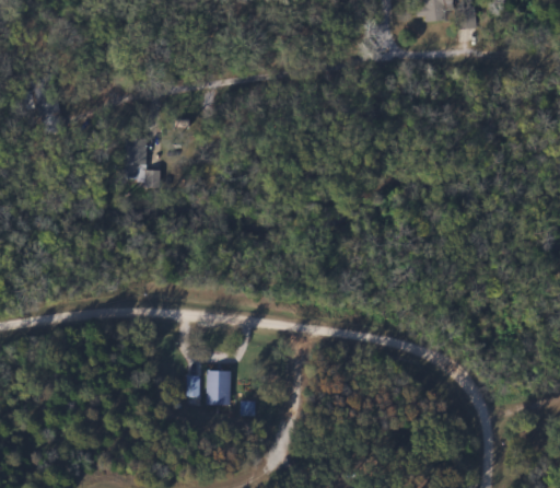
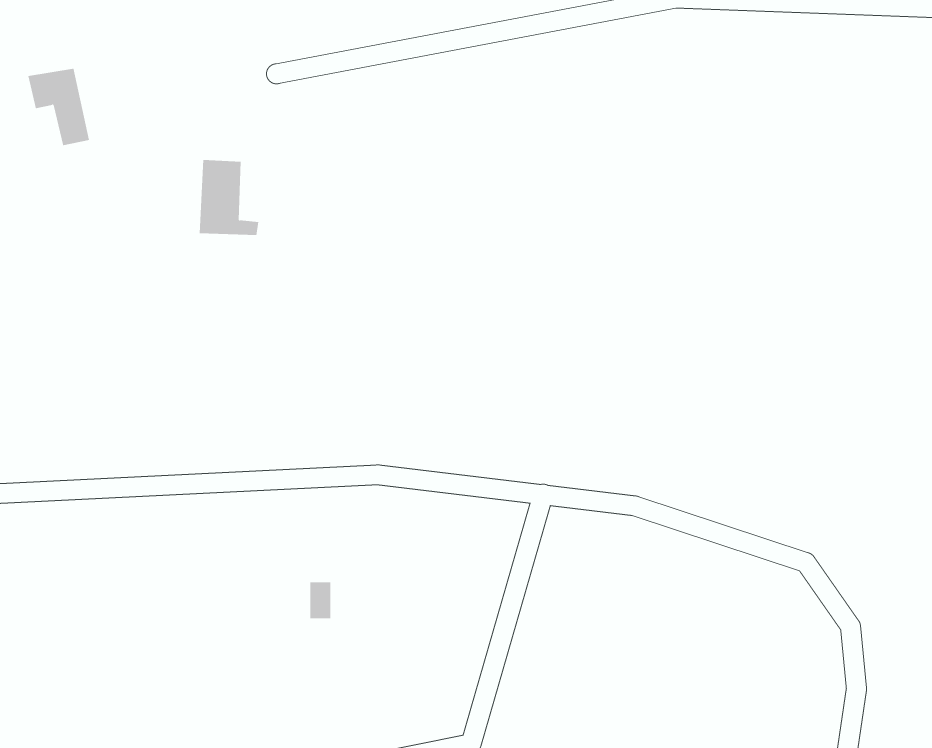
building: [208,371,232,405] -> none

